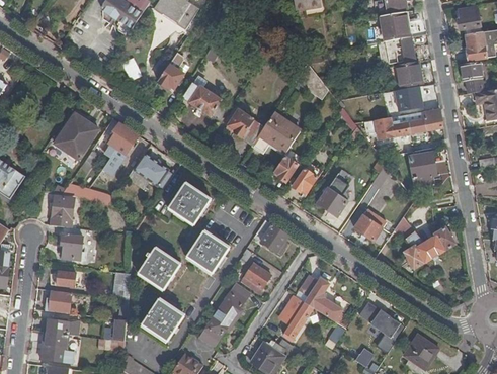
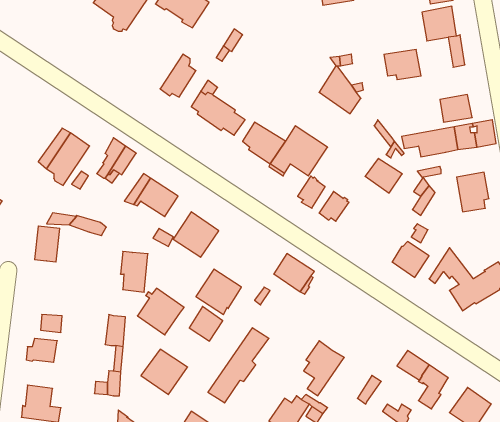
building: [390,62,421,87] -> [384,50,421,80]
building: [317,187,348,216] -> [365,158,402,193]
building: [60,226,83,261] -> [120,251,148,292]
building: [242,263,270,292] -> [189,306,223,341]
building: [299,273,341,321] -> none
building: [46,317,78,336] -> none

